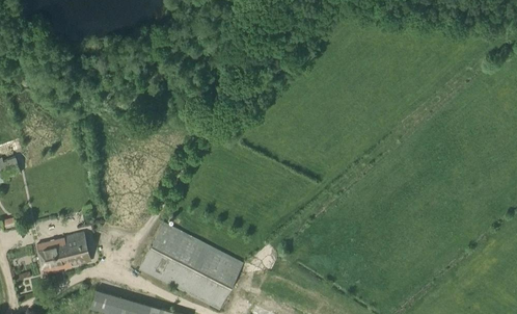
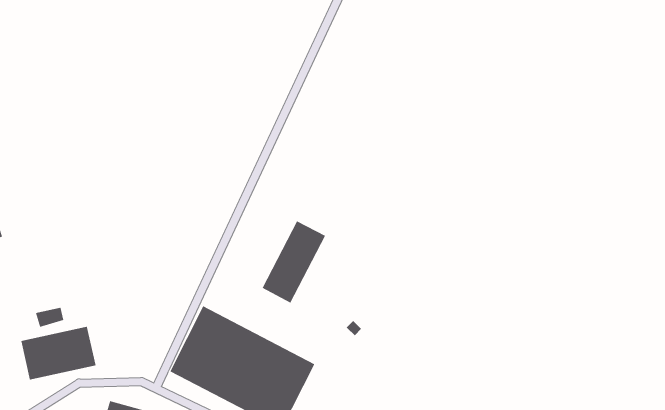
building: none -> [262,220,326,304]

